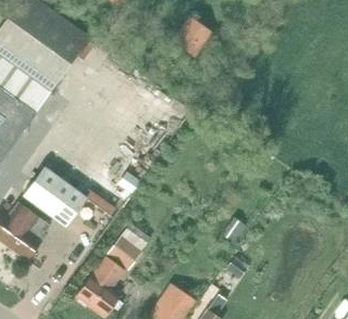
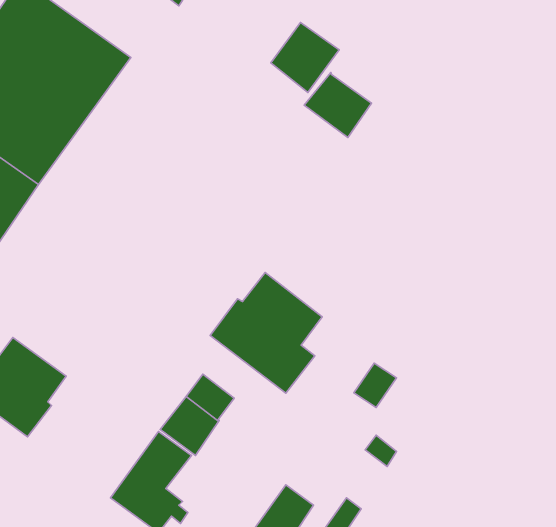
building: none -> [304,72,372,138]
building: none -> [210,273,322,393]
building: [23,167,86,226] -> none

